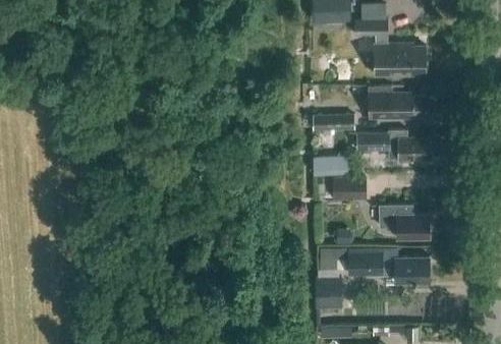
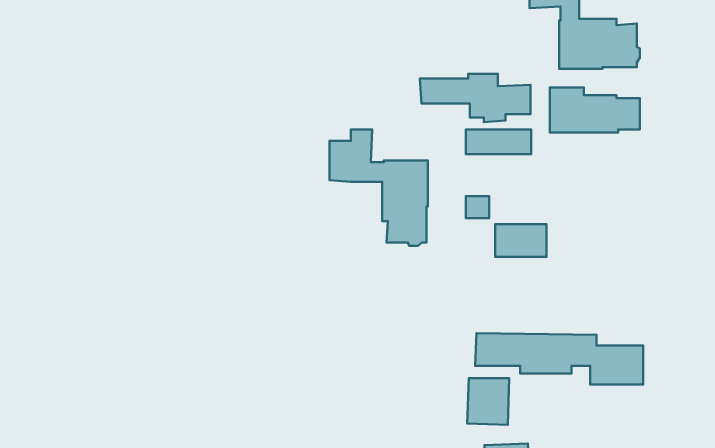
building: none -> [330,129,428,246]
building: [356,131,429,163] -> [420,74,530,122]
building: [380,206,430,239] -> none

